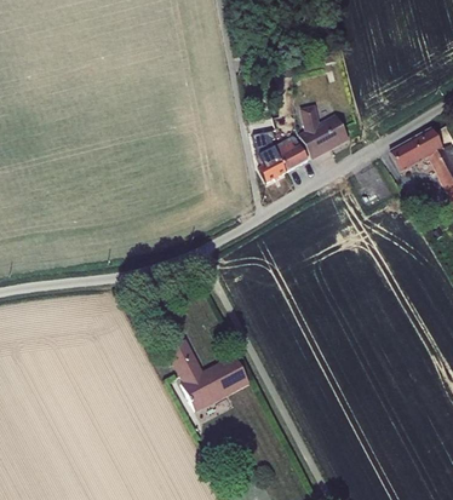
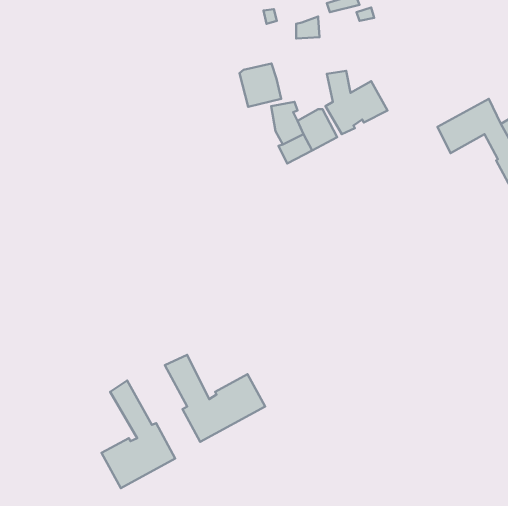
building: none -> [240,64,281,107]
building: none -> [102,381,175,488]

